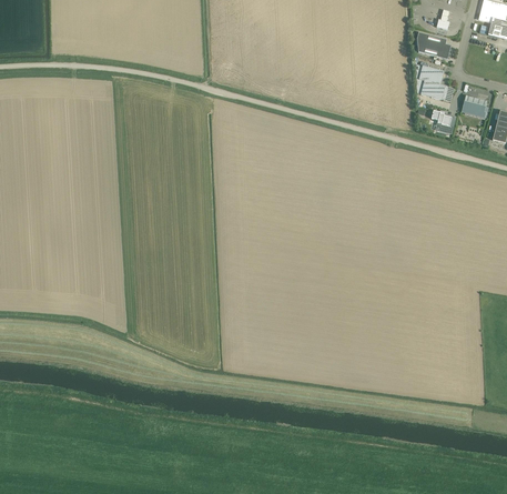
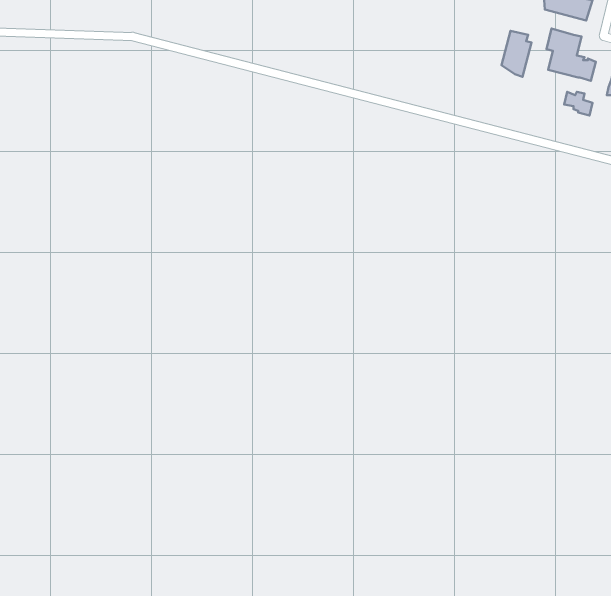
building: none -> [501,31,531,77]

